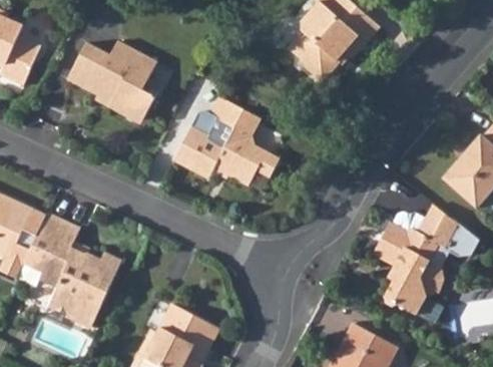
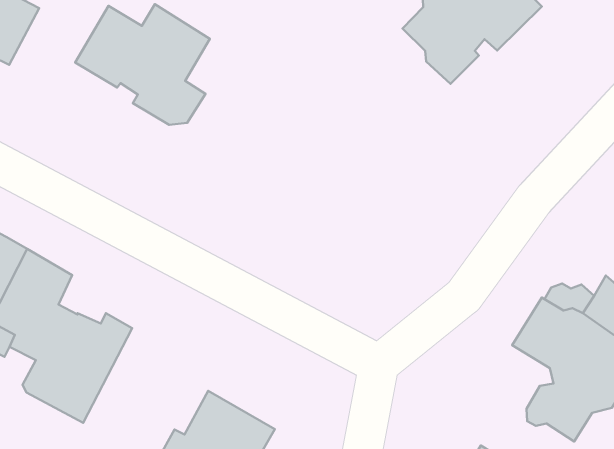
building: [173,98,279,190] -> none

